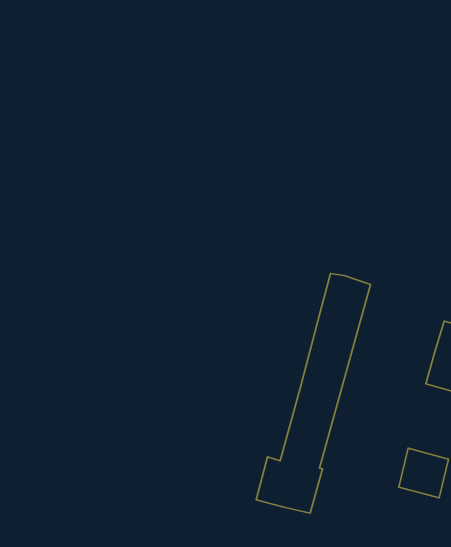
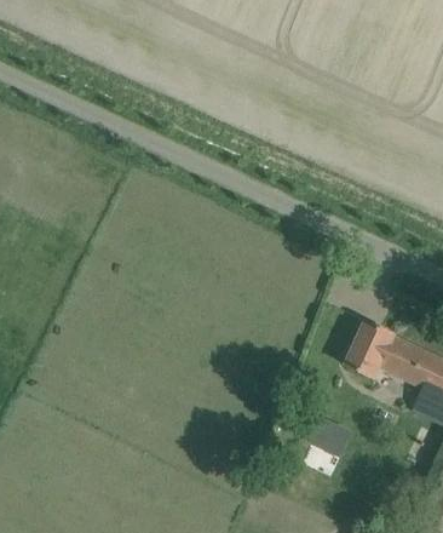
building: [256,273,371,513] -> none

